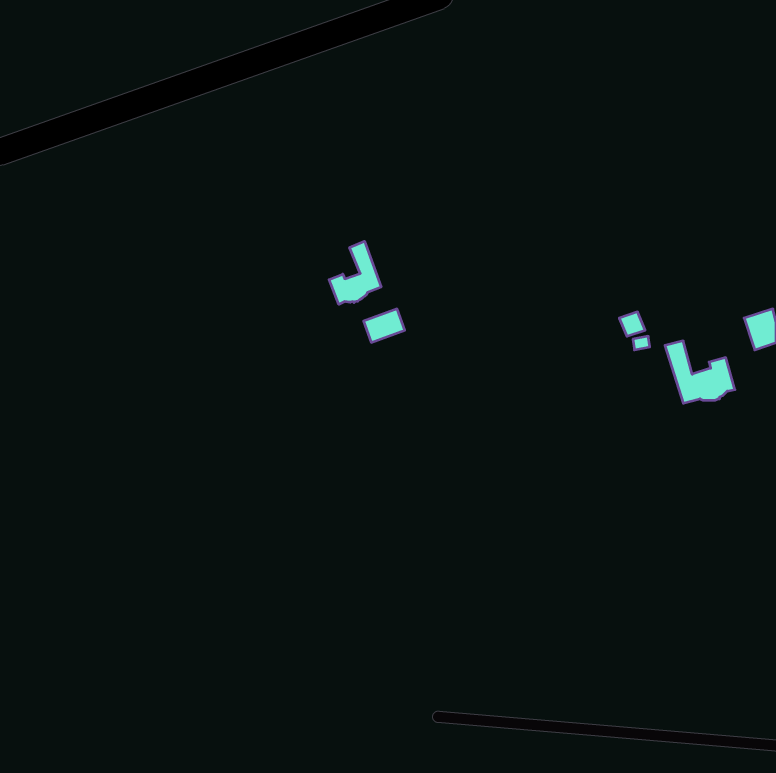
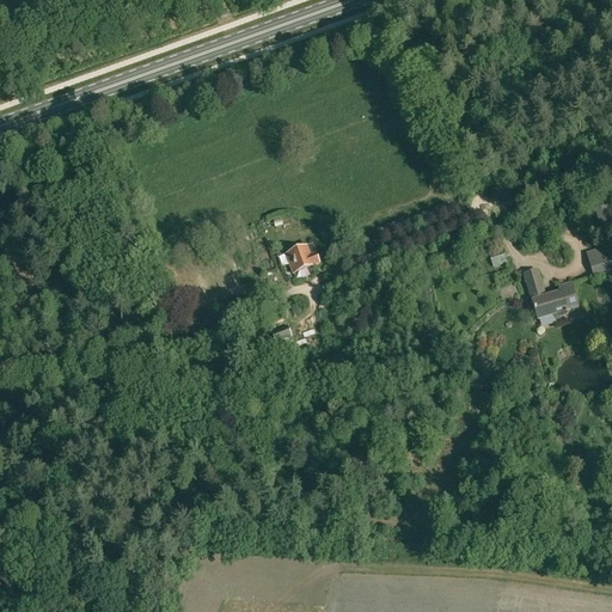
building: [329,241,381,304] -> none

